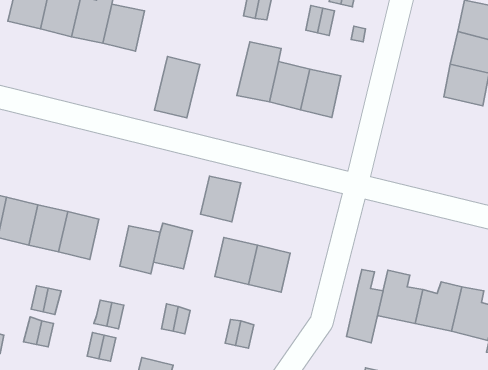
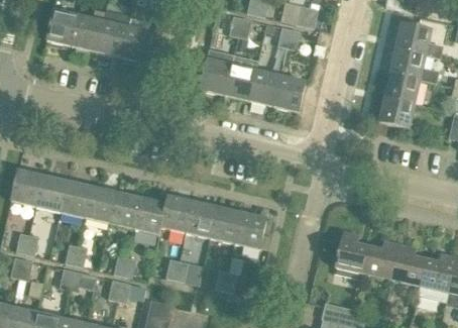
building: [154,57,200,118] -> [199,48,234,96]
building: none -> [378,97,415,128]
building: [201,176,241,222] -> [183,201,214,236]
building: none -> [110,192,140,228]
building: [347,269,383,343] -> none

